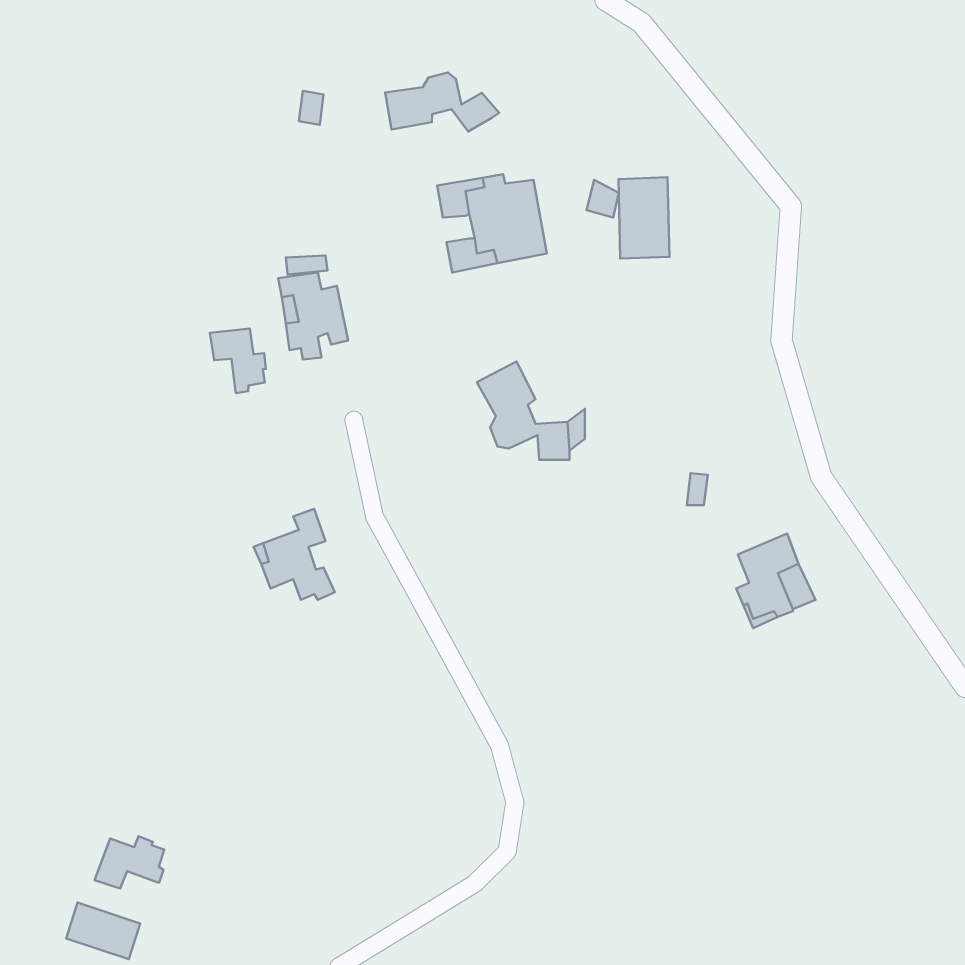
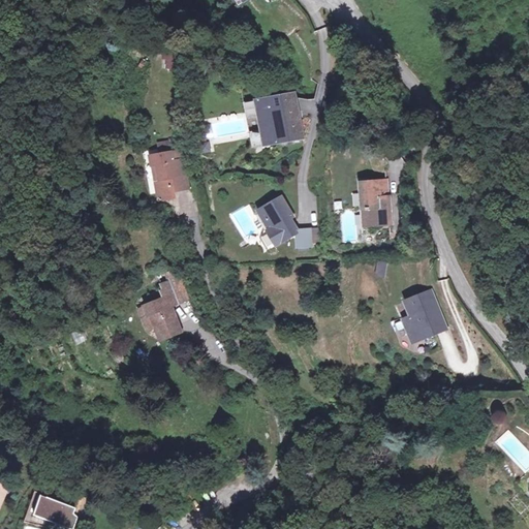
building: [385,73,499,131] -> none
building: [618,177,669,259] -> [361,181,388,225]
building: [210,329,266,393] -> none
building: [94,836,164,889] -> none

